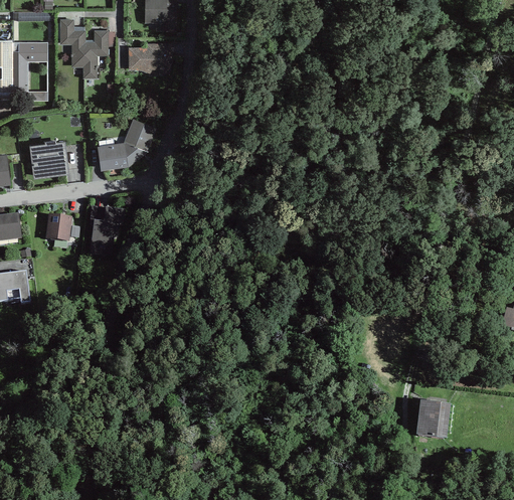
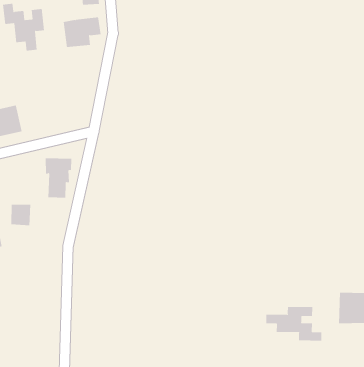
building: [96,117,155,167] -> none
building: [44,213,71,241] -> [10,204,31,226]
building: none -> [266,306,322,341]

